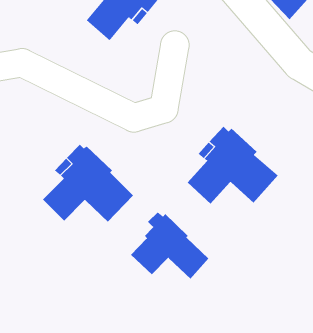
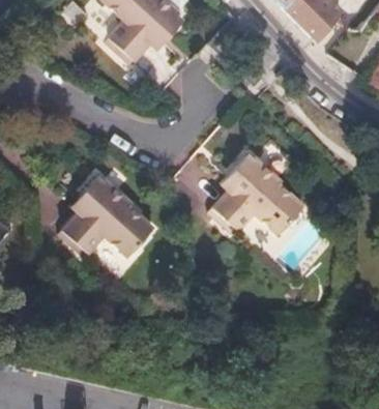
building: [130,211,209,279] -> none

